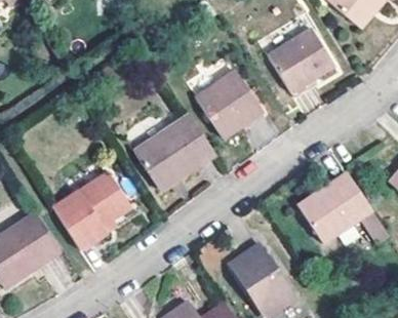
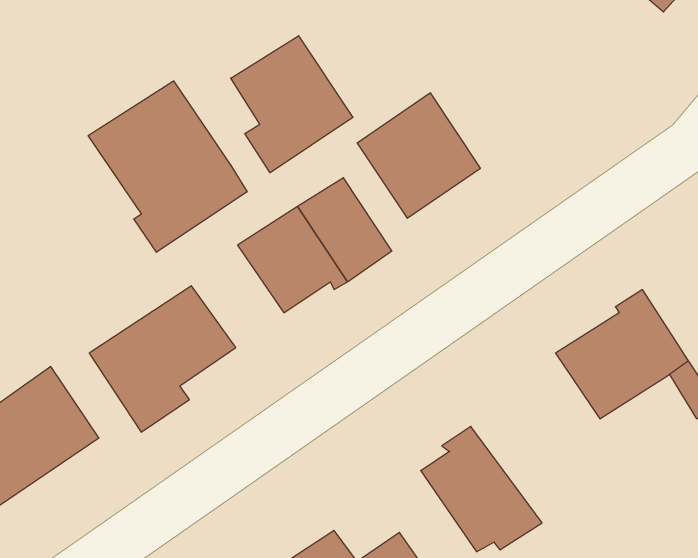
building: [272,27,337,91] -> none
building: none -> [231,36,353,173]
building: none -> [88,81,247,252]

